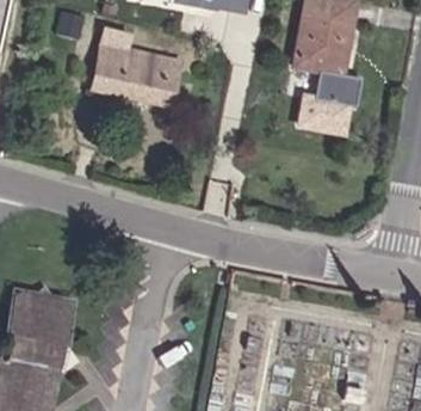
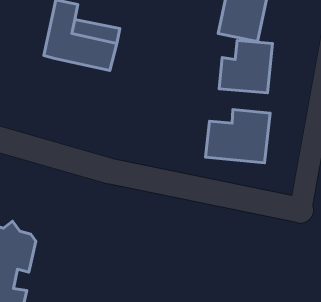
building: none -> [205,110,270,163]

